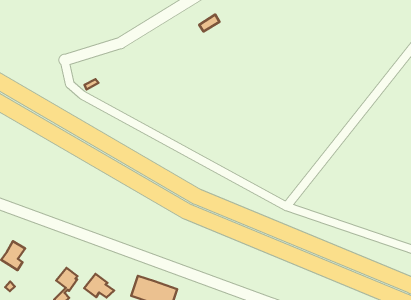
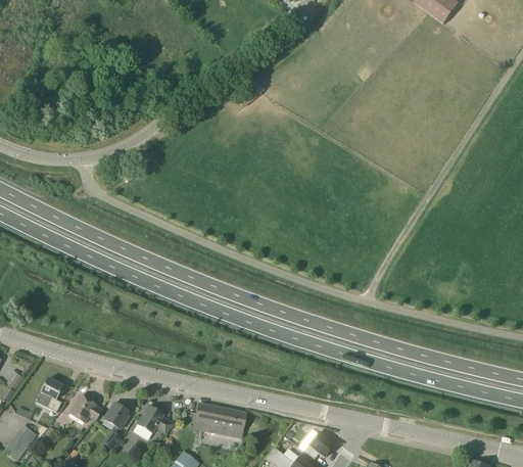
building: none -> [69,394,101,421]

